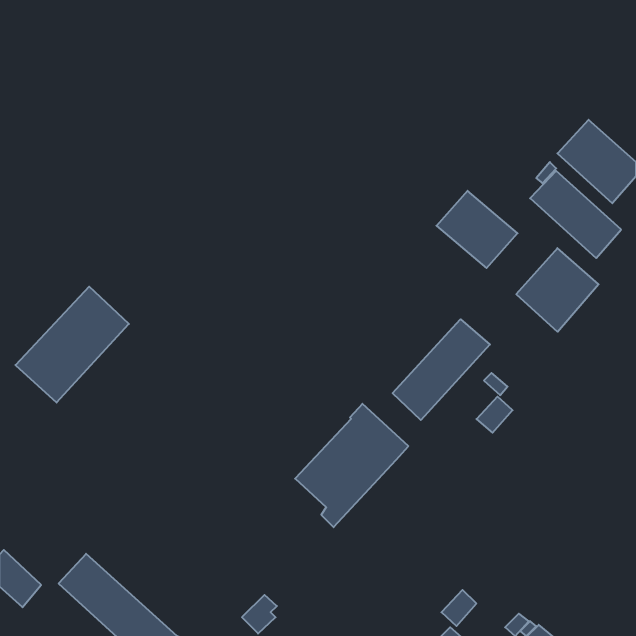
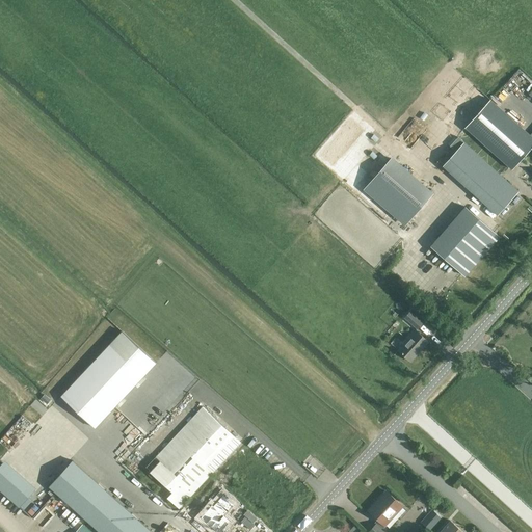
building: [15,287,129,403] -> [60,331,155,428]
building: [393,319,490,420] -> none
building: [295,404,408,527] -> [145,407,240,510]

